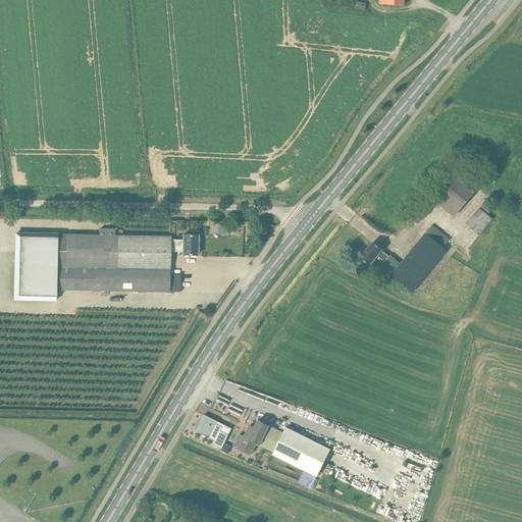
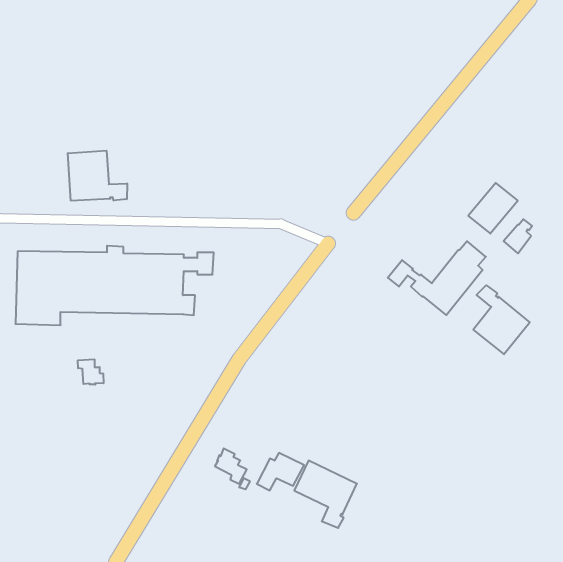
building: none -> [68,151,127,201]
building: none -> [473,285,530,354]
building: none -> [78,359,103,385]

